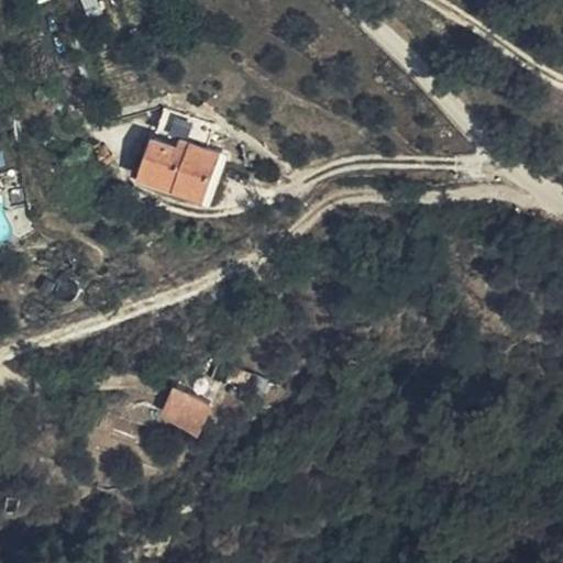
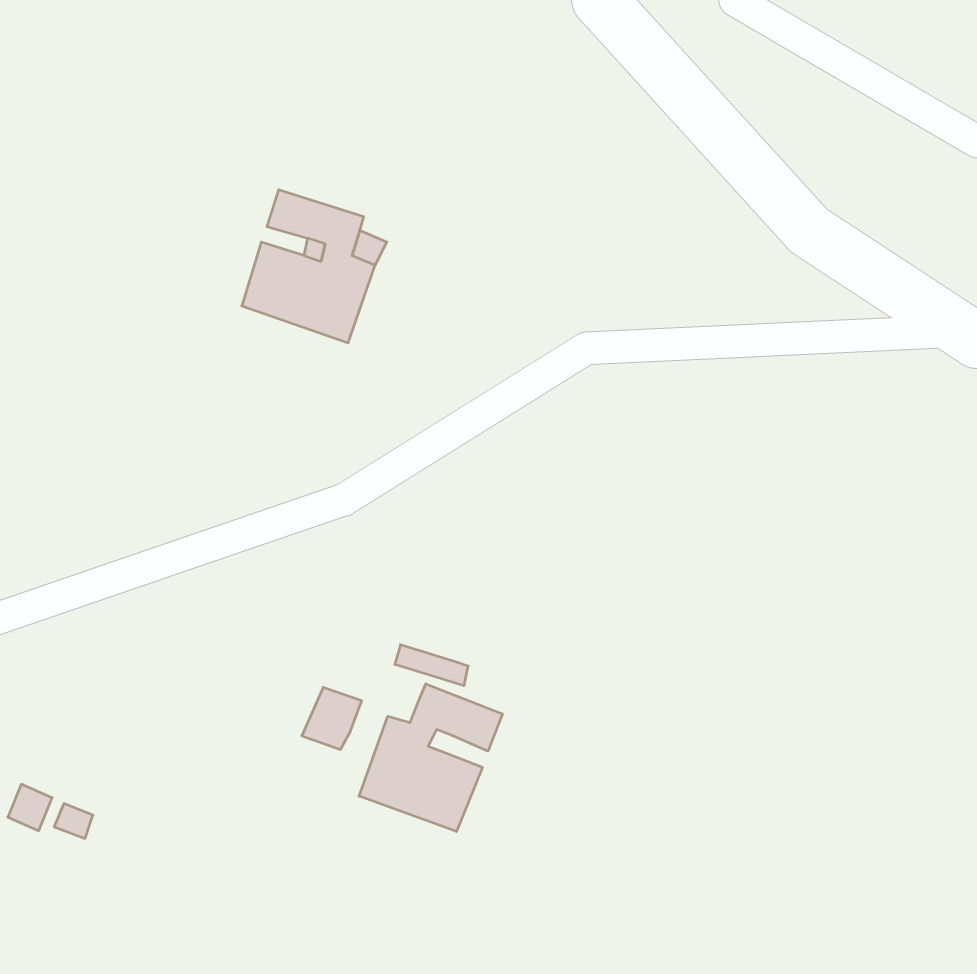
building: none -> [359,684,502,832]

